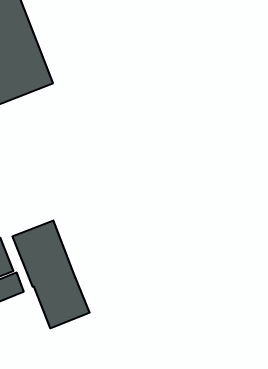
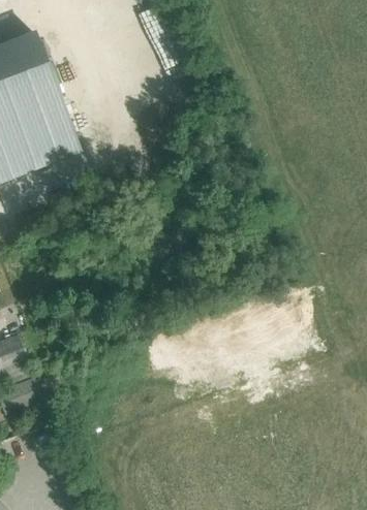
building: [13,220,90,328] -> none

